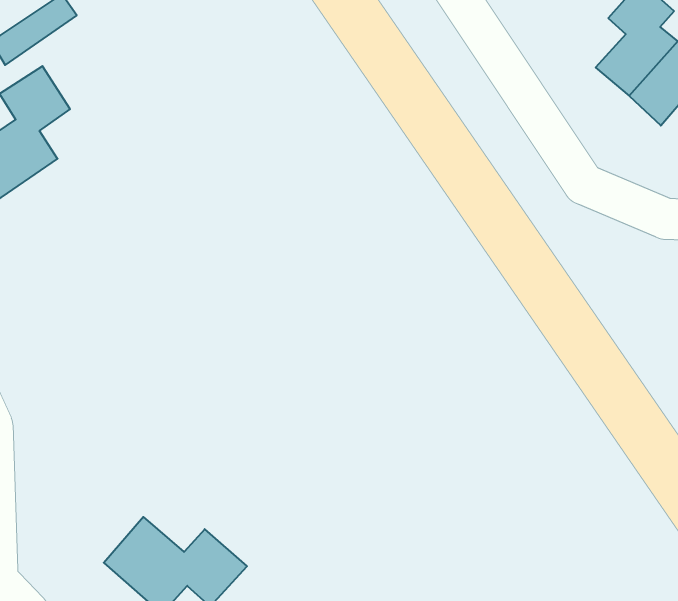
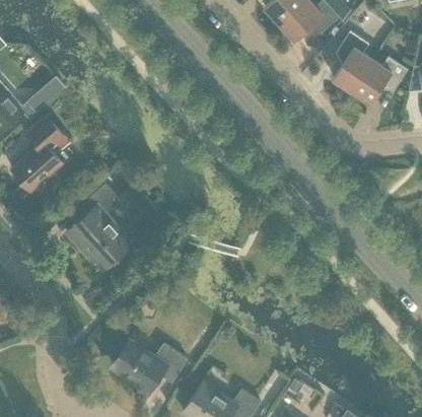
building: none -> [68,185,131,268]

